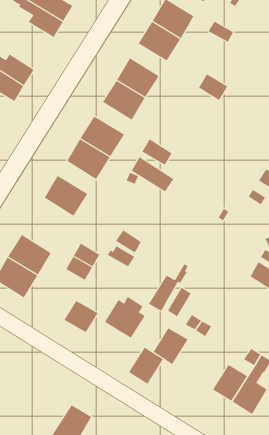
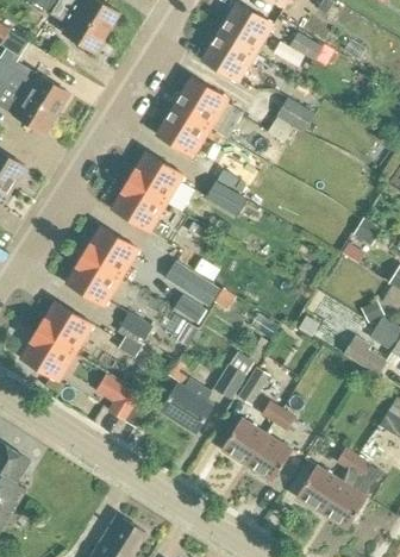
building: [131,157,174,192] -> [165,257,220,302]
building: none -> [64,255,120,307]
building: [128,347,164,384] -> [245,434,290,482]

